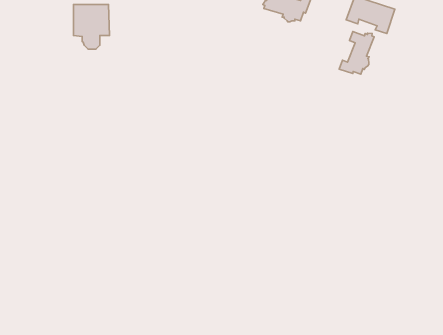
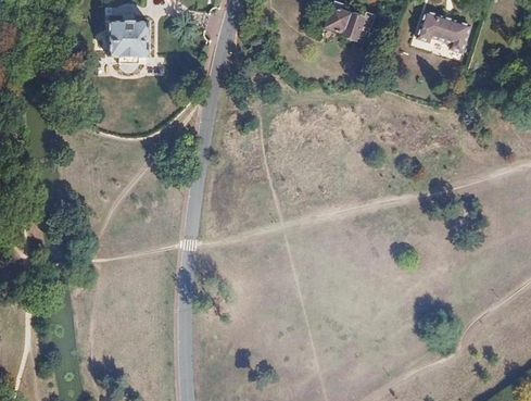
building: [339,32,374,74] -> none

